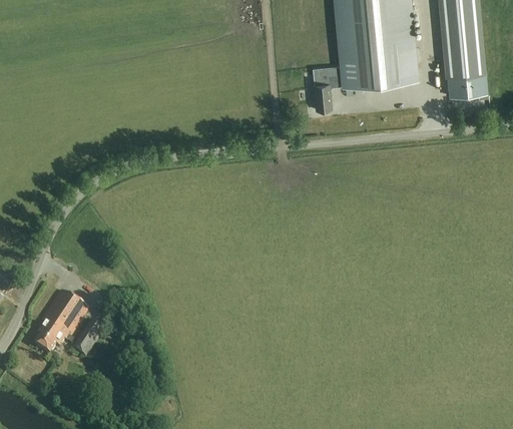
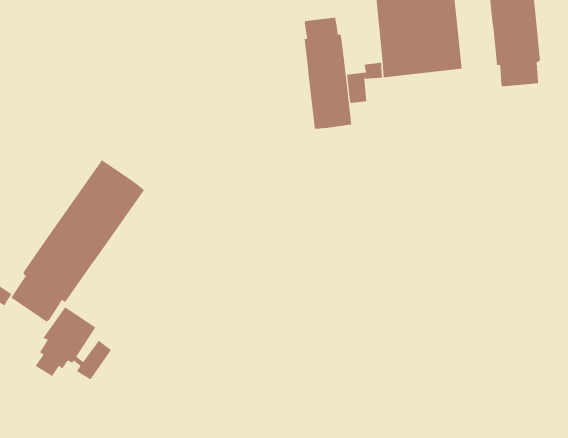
building: none -> [304,17,352,129]
building: none -> [11,160,145,323]

